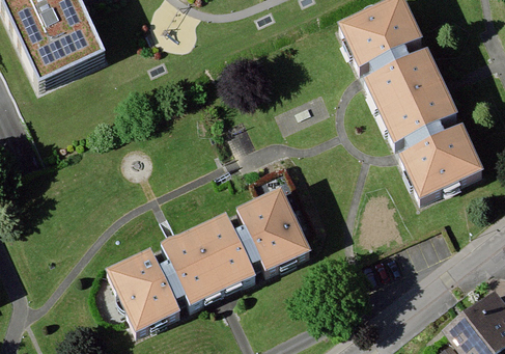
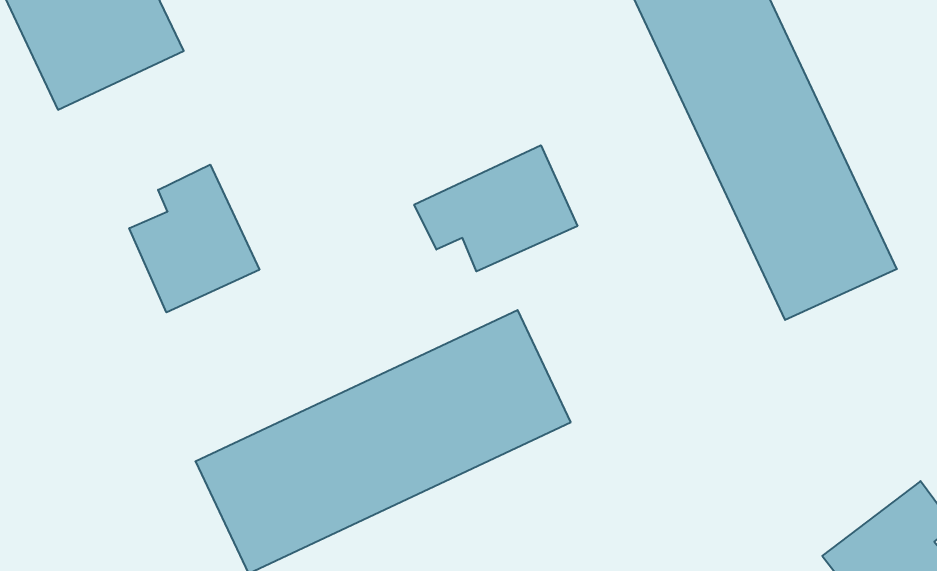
building: none -> [414,145,577,271]
building: none -> [129,165,259,312]

